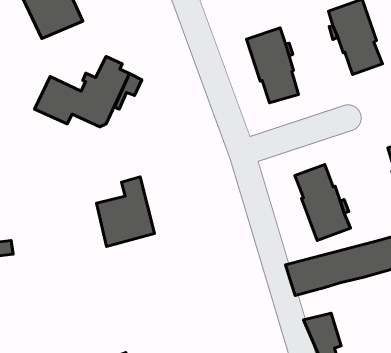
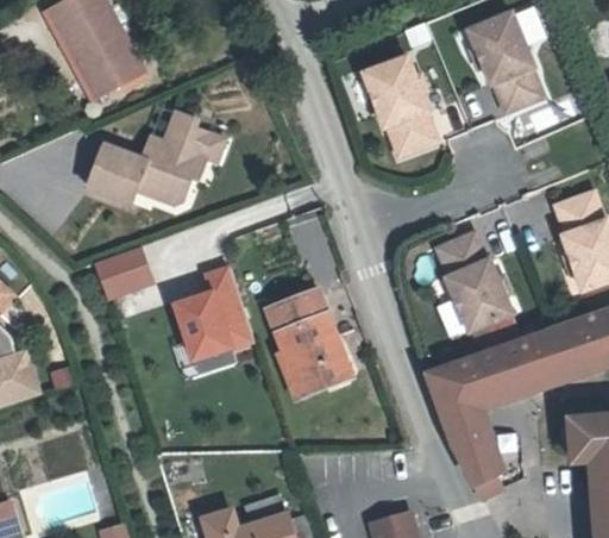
building: none -> [92,240,152,296]
building: none -> [266,289,351,404]
building: none -> [444,396,492,440]

